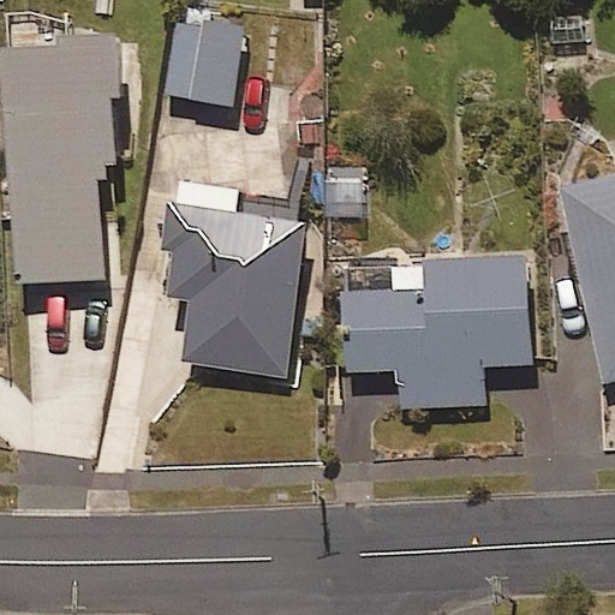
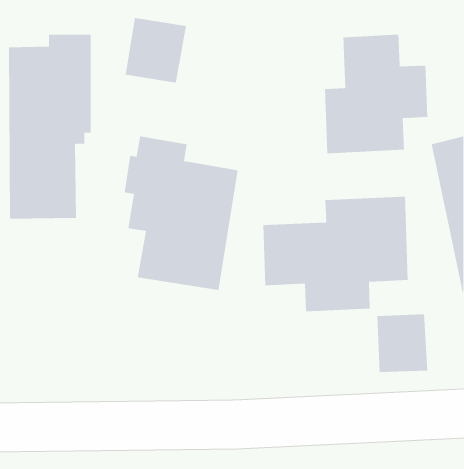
building: none -> [324,34,428,154]
building: none -> [377,314,428,373]

